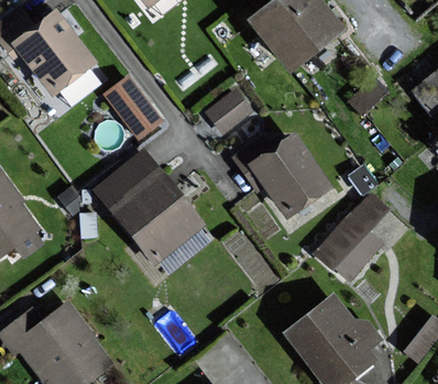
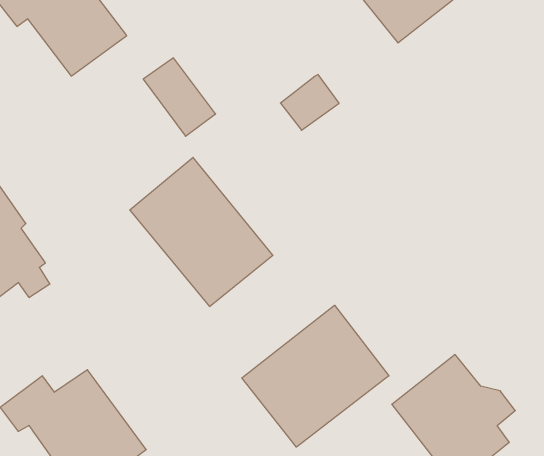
building: [236,135,332,216] -> none
building: [313,197,386,288] -> none
building: none -> [242,305,389,447]

